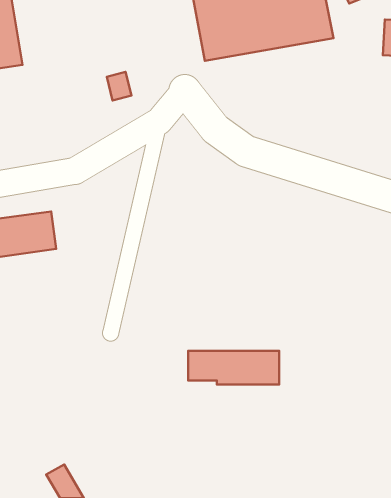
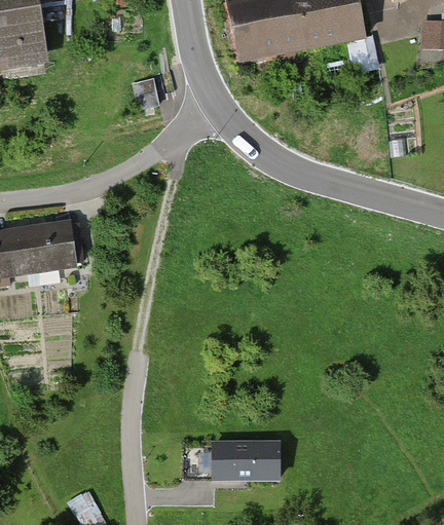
building: [188,351,279,384] -> [185,441,280,476]

